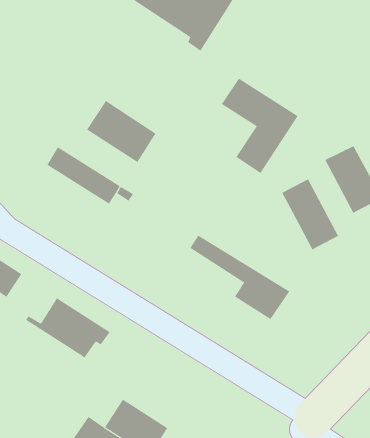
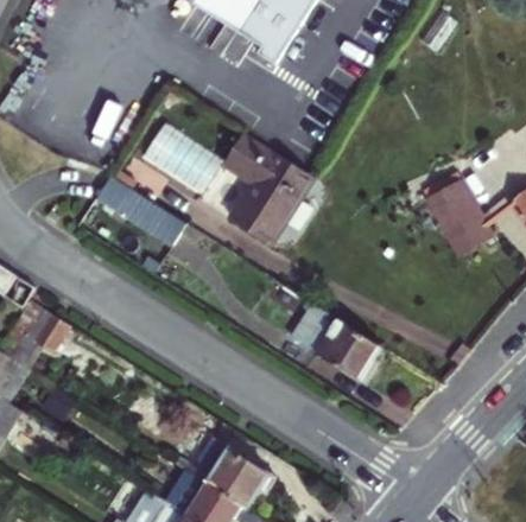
building: [221,78,298,174] -> [223,132,313,244]
building: [281,179,339,250] -> none
building: [25,298,110,358] -> [173,438,273,509]

